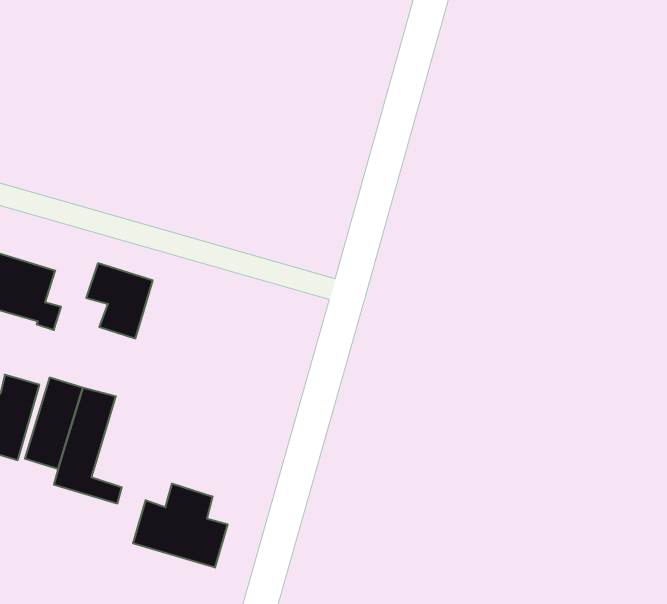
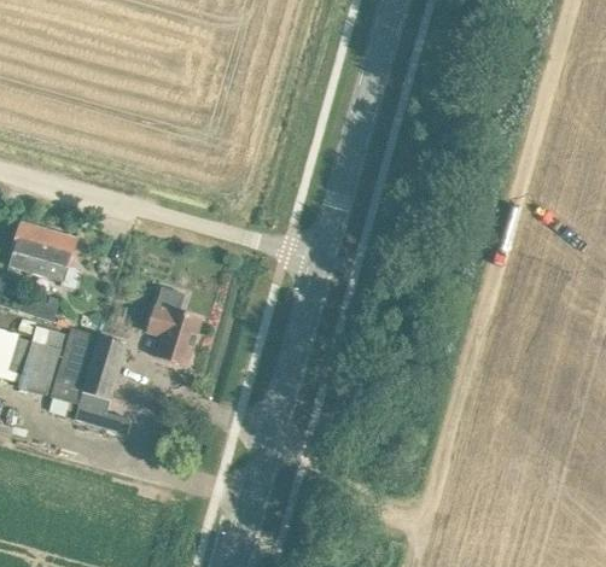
building: [86,263,153,338] -> [145,303,200,366]
building: [133,484,228,568] -> none

